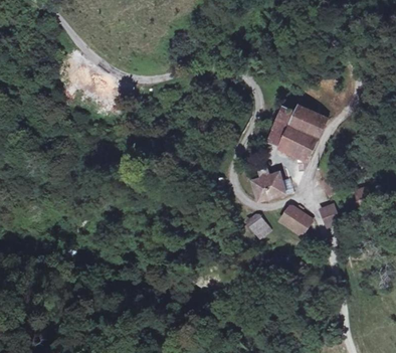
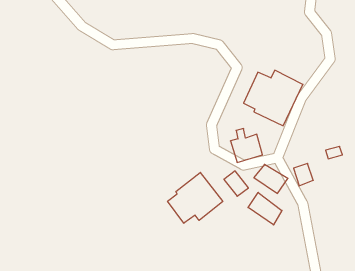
building: none -> [168,172,223,223]
building: none -> [248,192,282,225]

